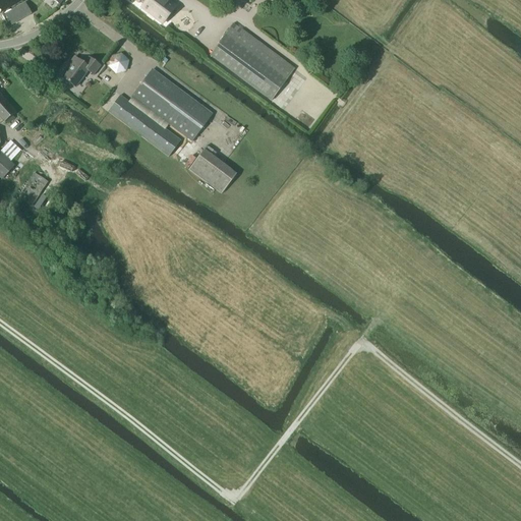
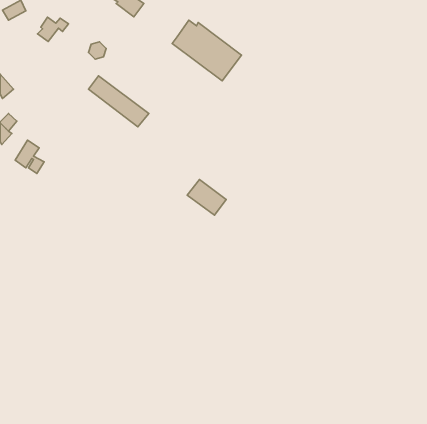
building: [62,55,100,84] -> [37,17,68,41]
building: [132,67,212,139] -> none
building: [188,148,236,191] -> [187,179,226,215]

